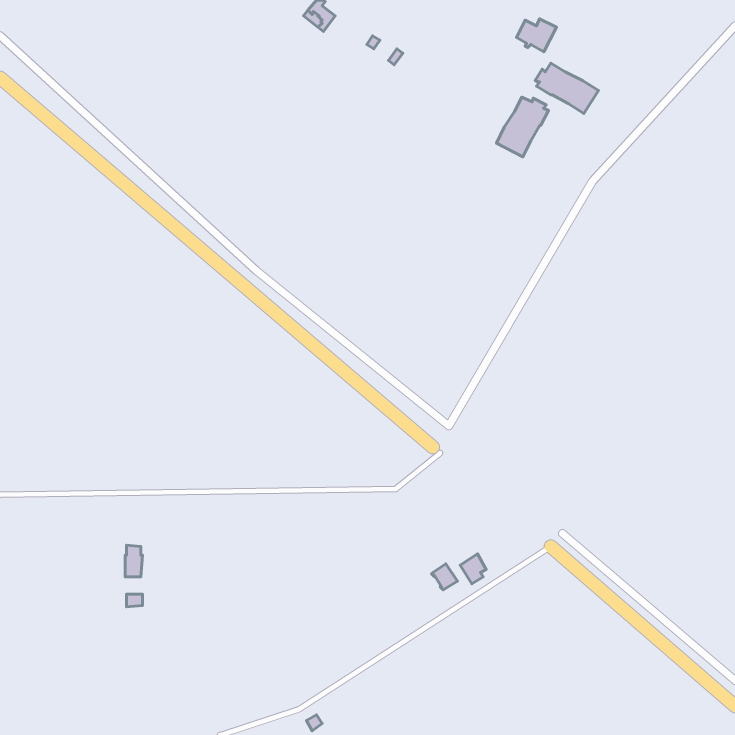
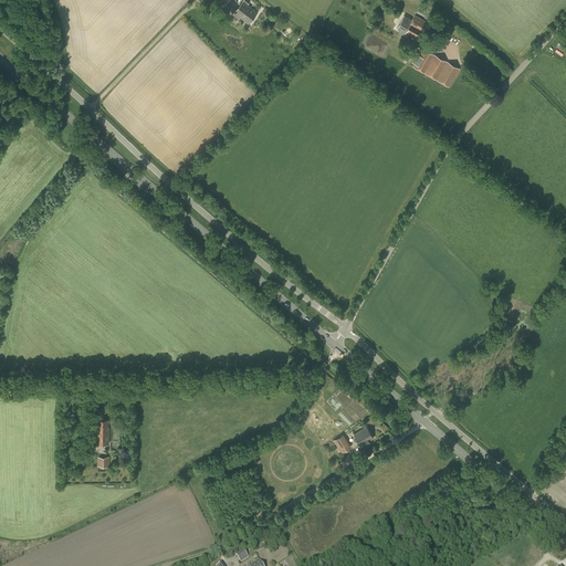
building: [496,97,548,157] -> none

